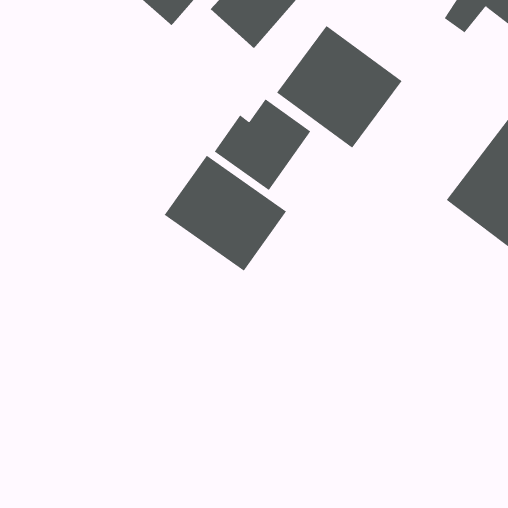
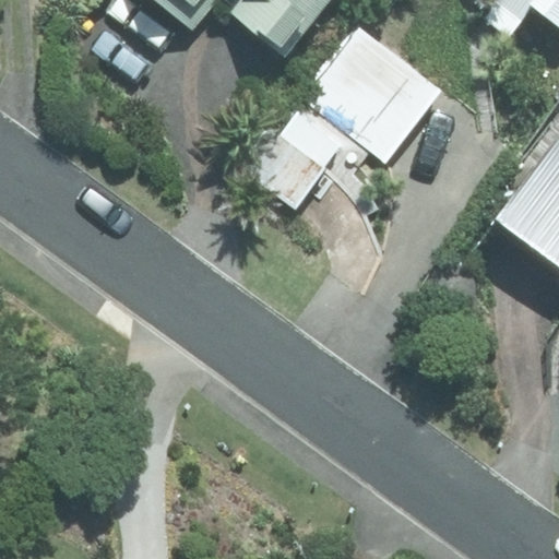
building: [164,155,287,272] -> none

